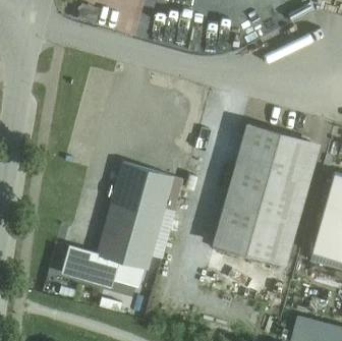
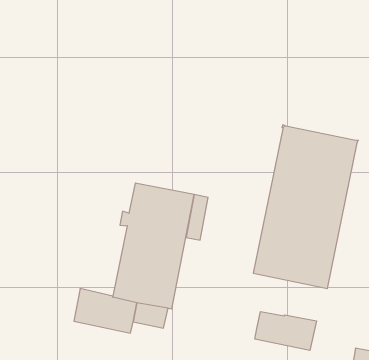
building: none -> [255,312,316,350]

